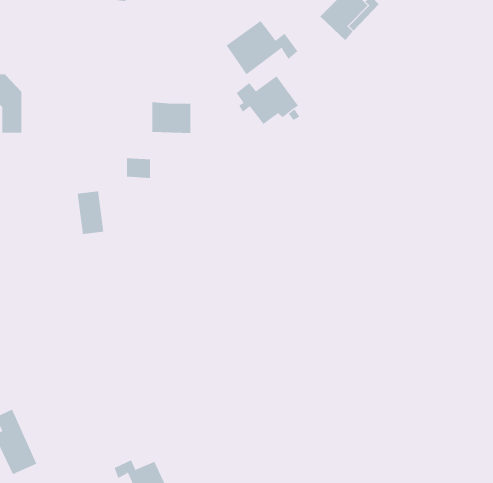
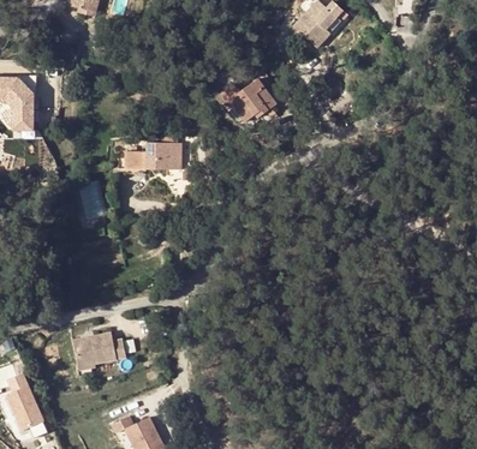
building: [226,20,298,75] -> none
building: [152,102,191,134] -> [145,142,180,169]
building: none -> [72,331,124,365]

